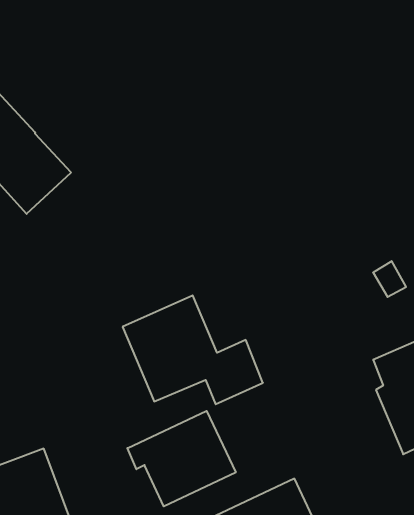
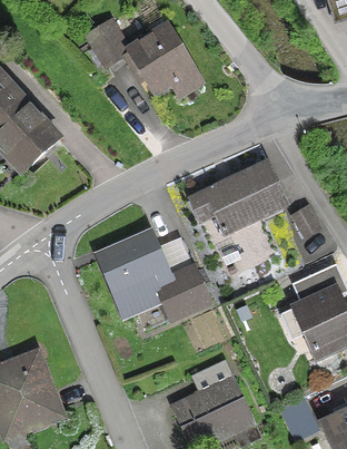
building: none -> [86,19,191,90]
building: none -> [204,162,287,232]
building: [127,411,236,506] -> none

